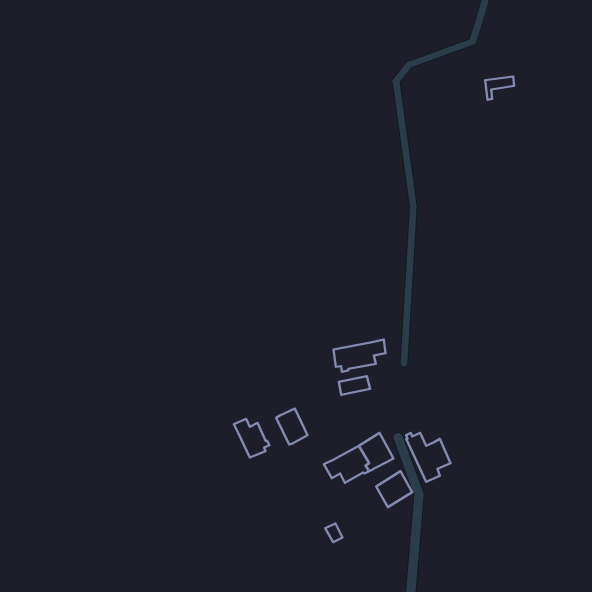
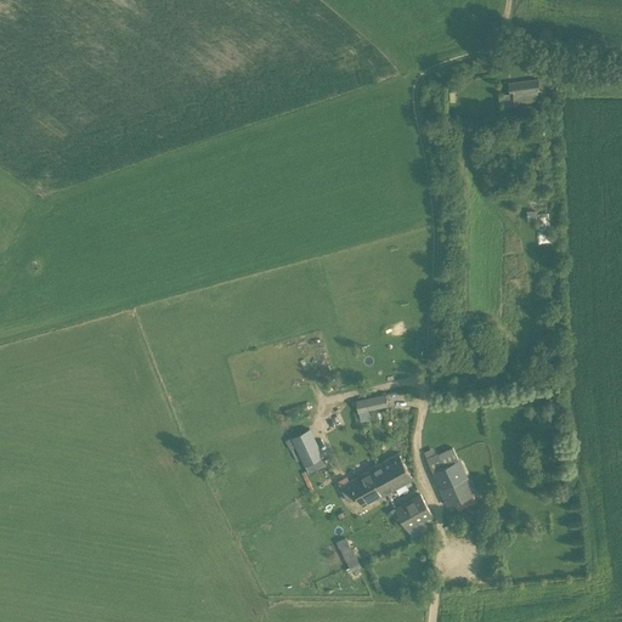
building: [334,340,386,372] -> none
building: [234,419,269,458] -> none

